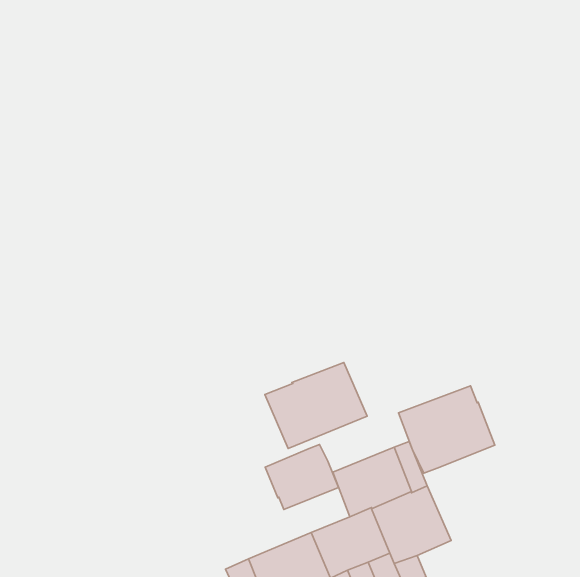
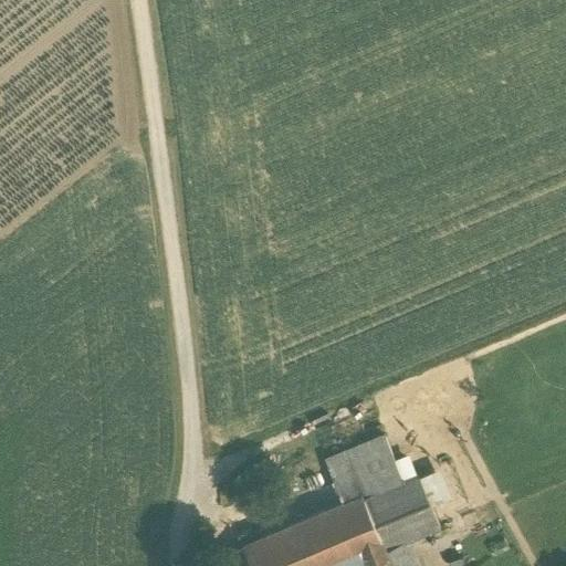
building: [265,362,367,448] -> none
building: [398,386,495,473] -> none
building: [265,445,339,509] -> none

